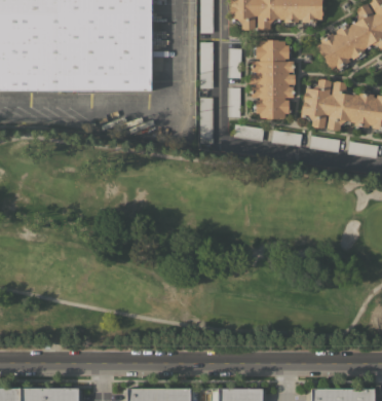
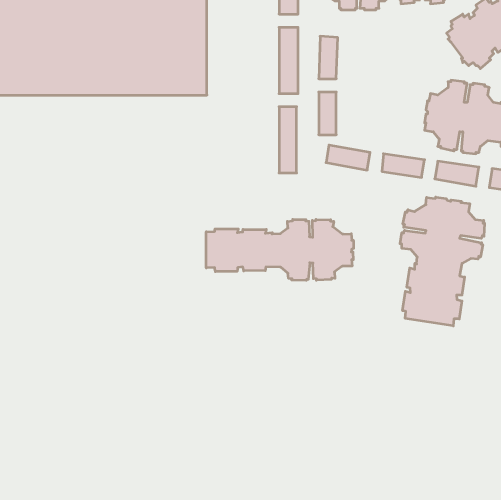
building: [250,40,295,119] -> none
building: none -> [400,197,485,326]
building: none -> [206,219,354,280]

